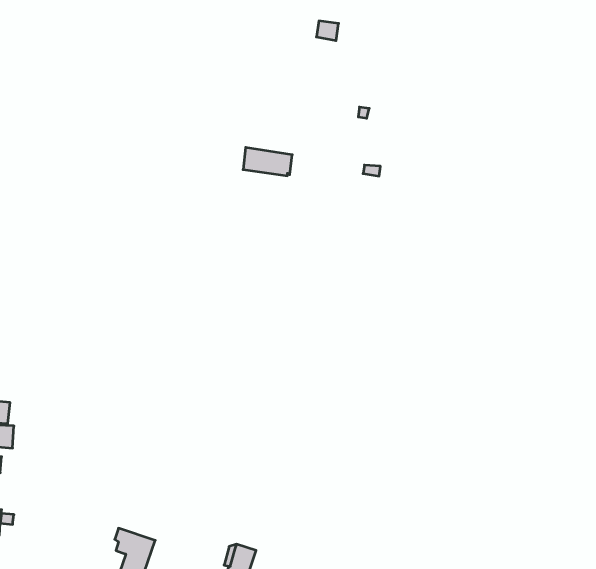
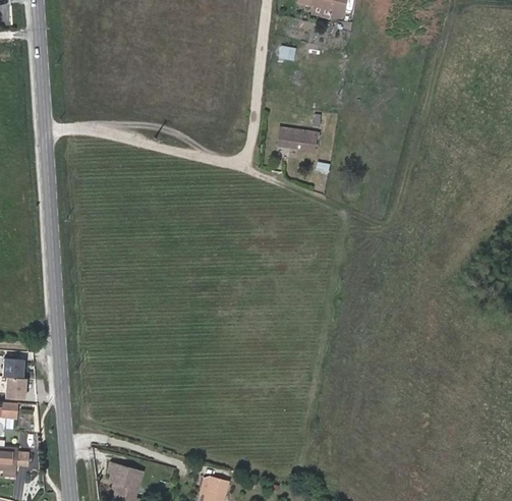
building: [243,147,292,176] -> [278,126,319,150]

